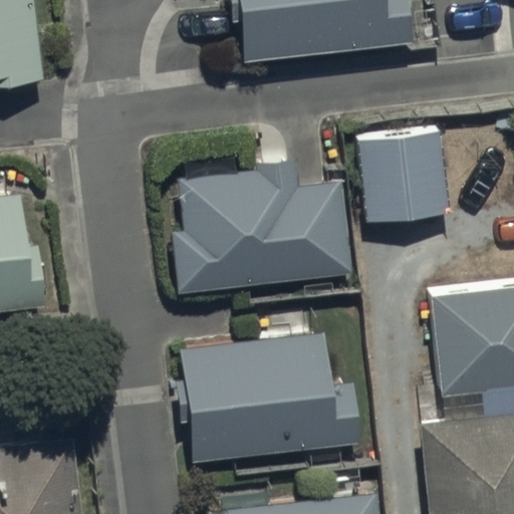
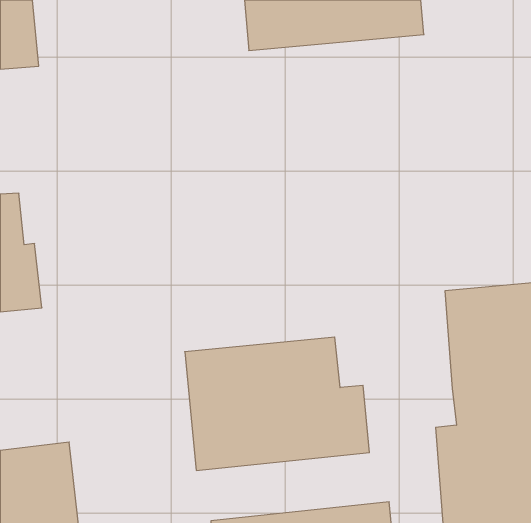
building: [359,133,448,220] -> none
building: [171,159,353,291] -> none

